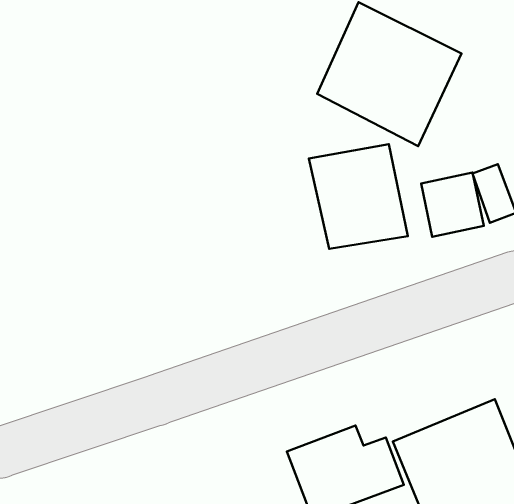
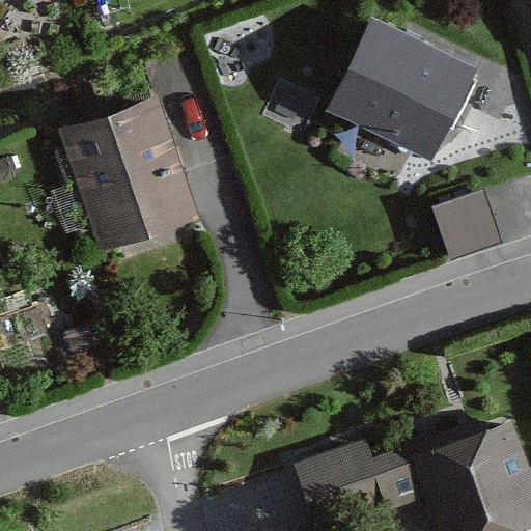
building: none -> [68,108,195,250]
building: [309,144,408,249] -> none

